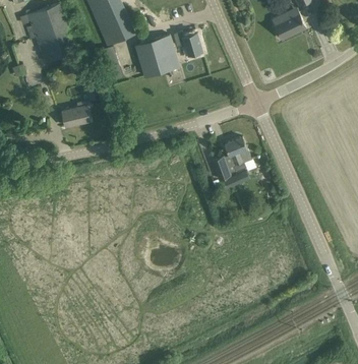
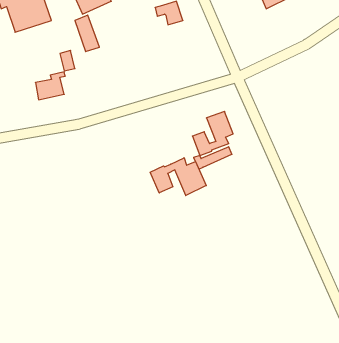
building: [136,36,178,76] -> none
building: none -> [150,158,206,196]

